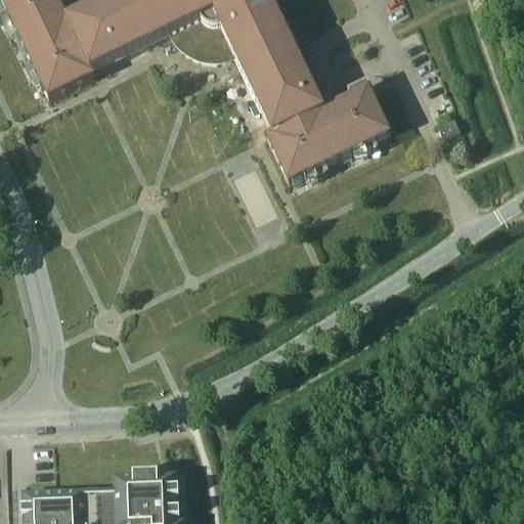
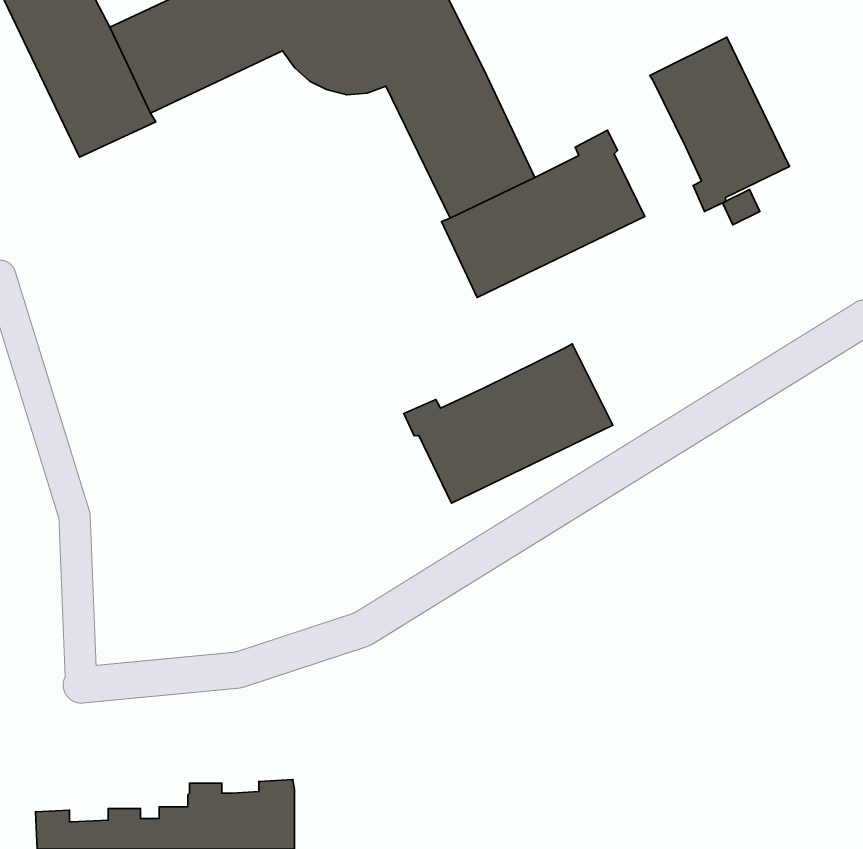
building: none -> [650,37,790,211]
building: none -> [404,344,613,503]

